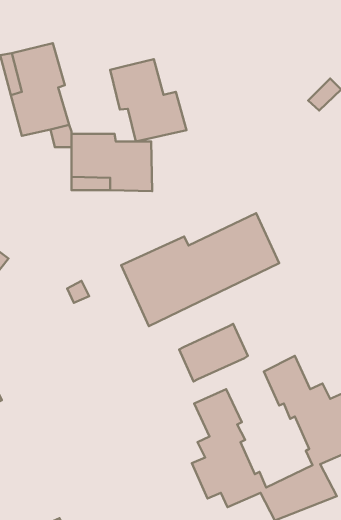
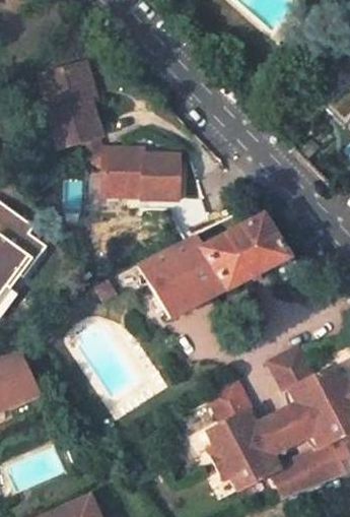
building: [110,59,186,142] -> none
building: [179,324,248,381] -> [254,403,317,456]

